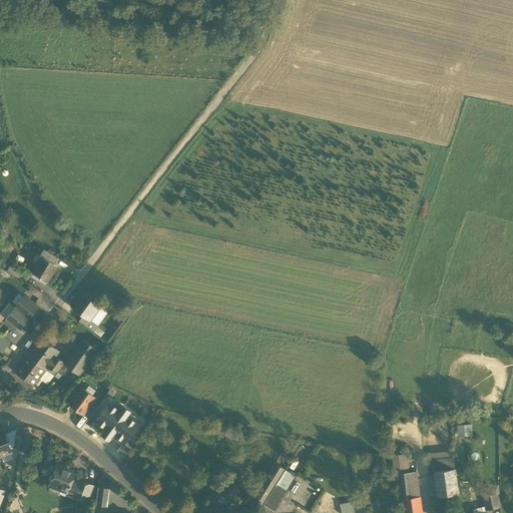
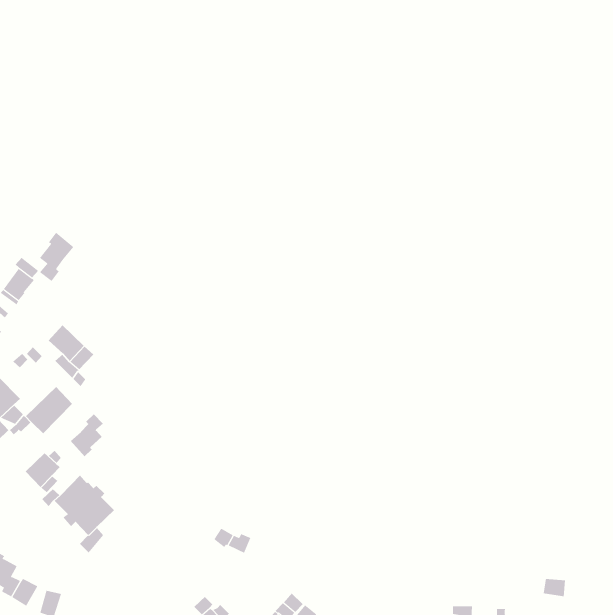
building: none -> [39,232,74,282]
building: none -> [70,414,104,457]

